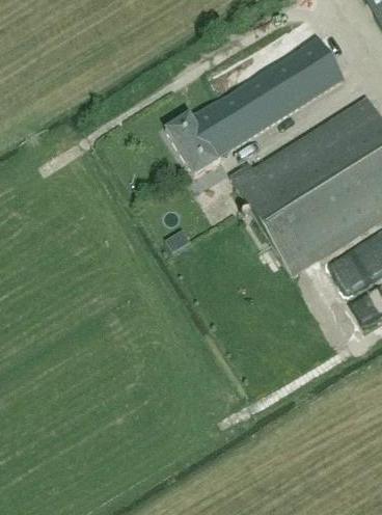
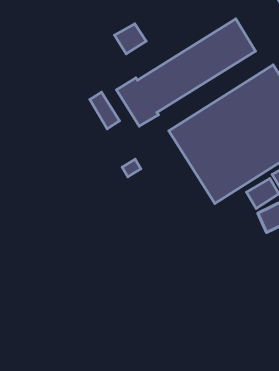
building: none -> [114,24,146,54]
building: none -> [90,92,120,129]

